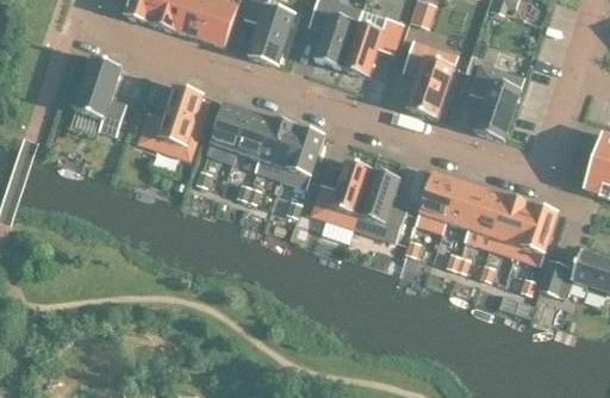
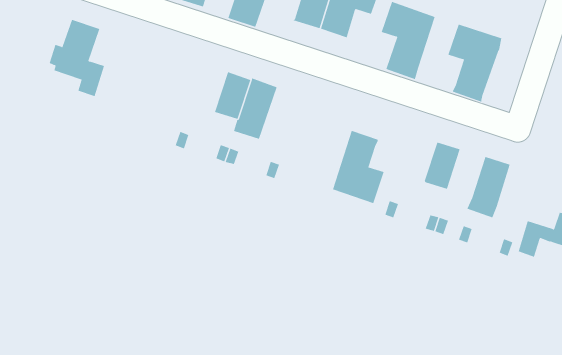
building: [138,83,204,156] -> none
building: [207,101,249,161] -> none
building: [281,125,324,187] -> none
building: [311,160,373,228] -> none
building: [416,170,459,232] -> none
building: [469,187,506,236] -> none
building: [515,203,558,263] -> none

